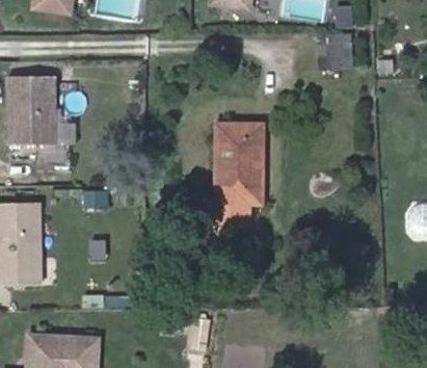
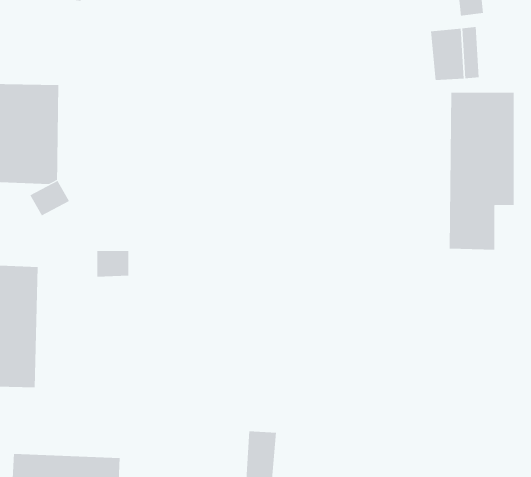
building: [217,126,263,236] -> [449,92,514,250]

